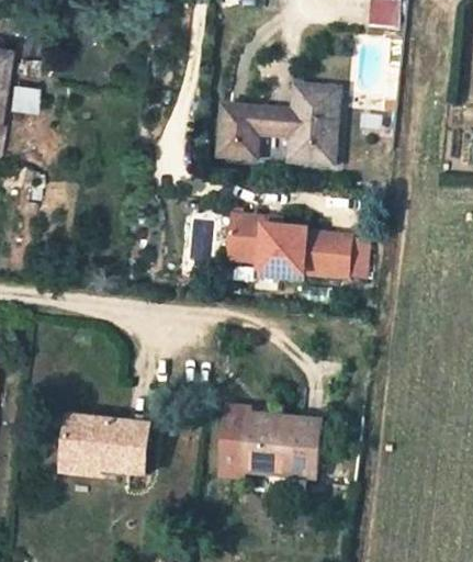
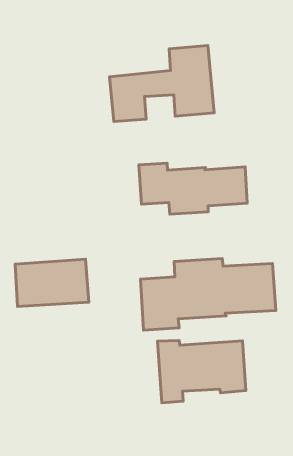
building: none -> [140,259,276,330]
building: [67,419,151,475] -> [15,259,89,306]

